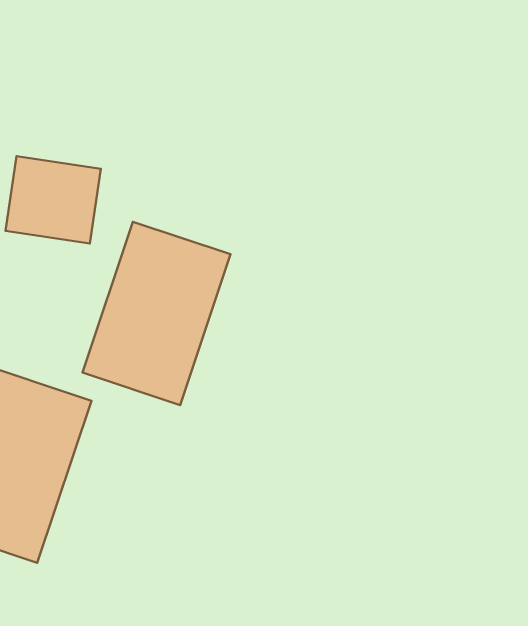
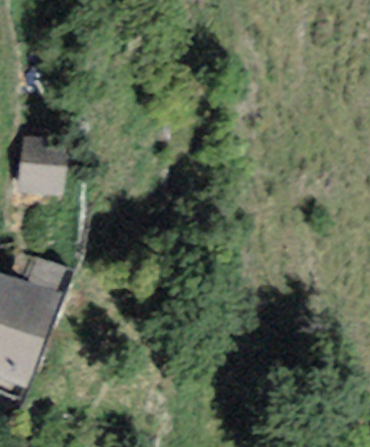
building: [82,222,231,405] -> none

